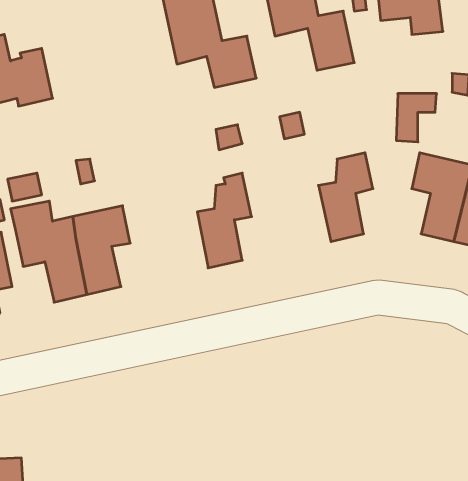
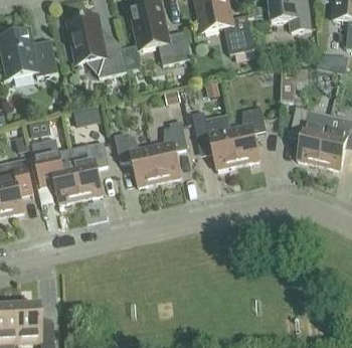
building: none -> [67,15,126,76]
building: none -> [192,111,238,168]
building: none -> [114,132,159,185]

